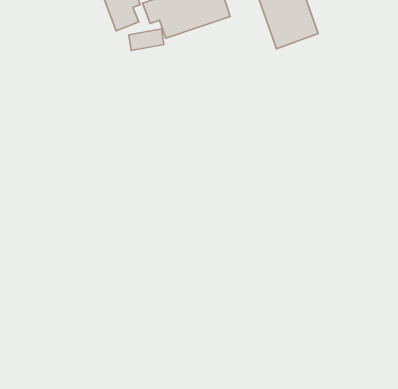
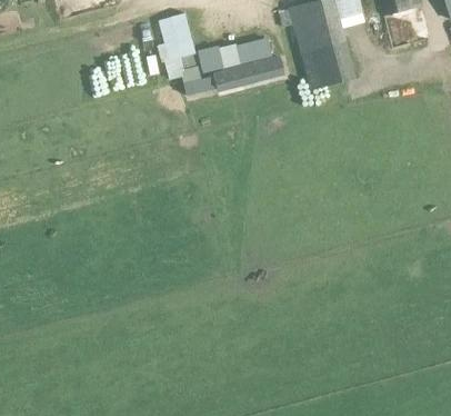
building: none -> [214,56,287,92]

